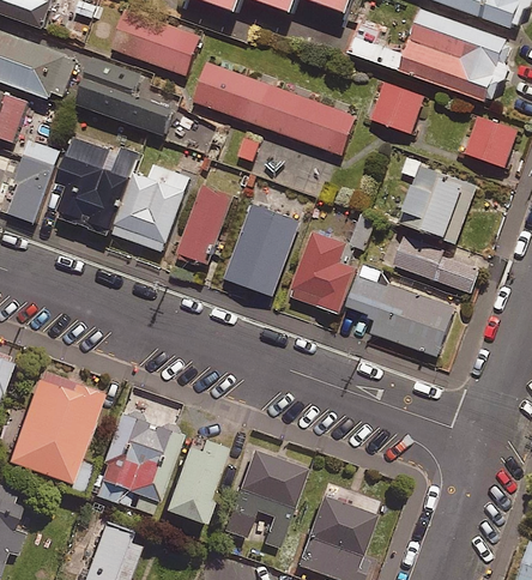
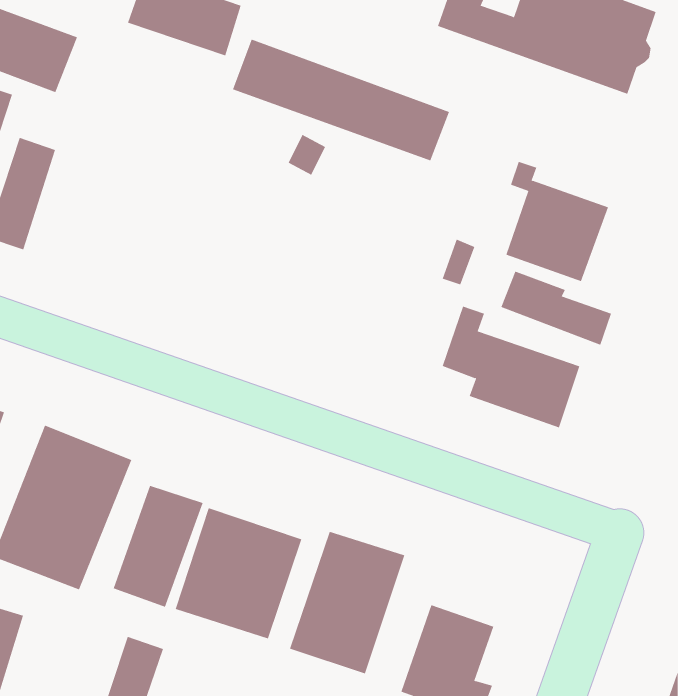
building: [74,60,171,138] -> none
building: [370,83,422,134] -> none
building: [454,115,516,169] -> none
building: [53,132,134,234] -> none
building: [111,164,187,252] -> none
building: [174,186,230,266] -> none
building: [223,206,296,297] -> none
building: [285,232,352,314] -> none

